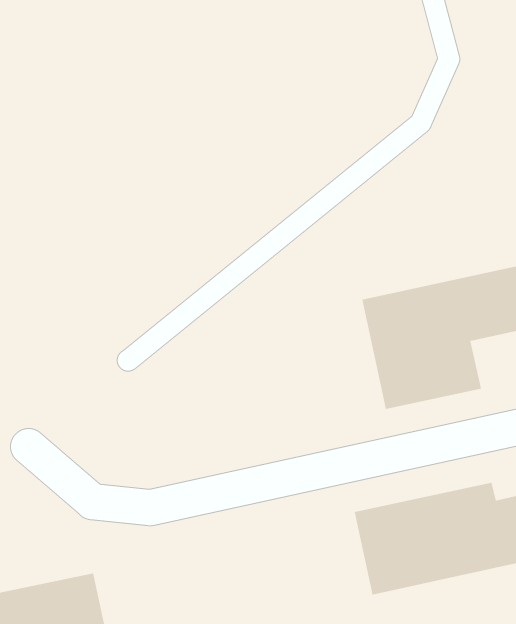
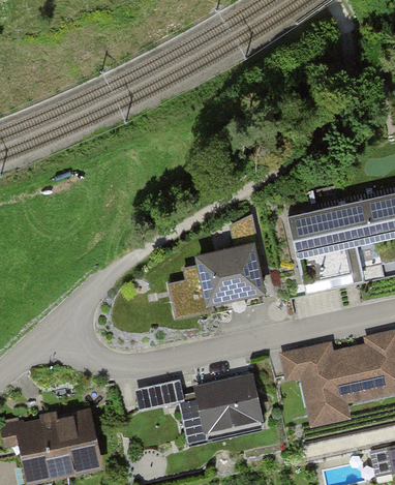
building: none -> [170,243,267,313]
building: none -> [135,371,263,437]

